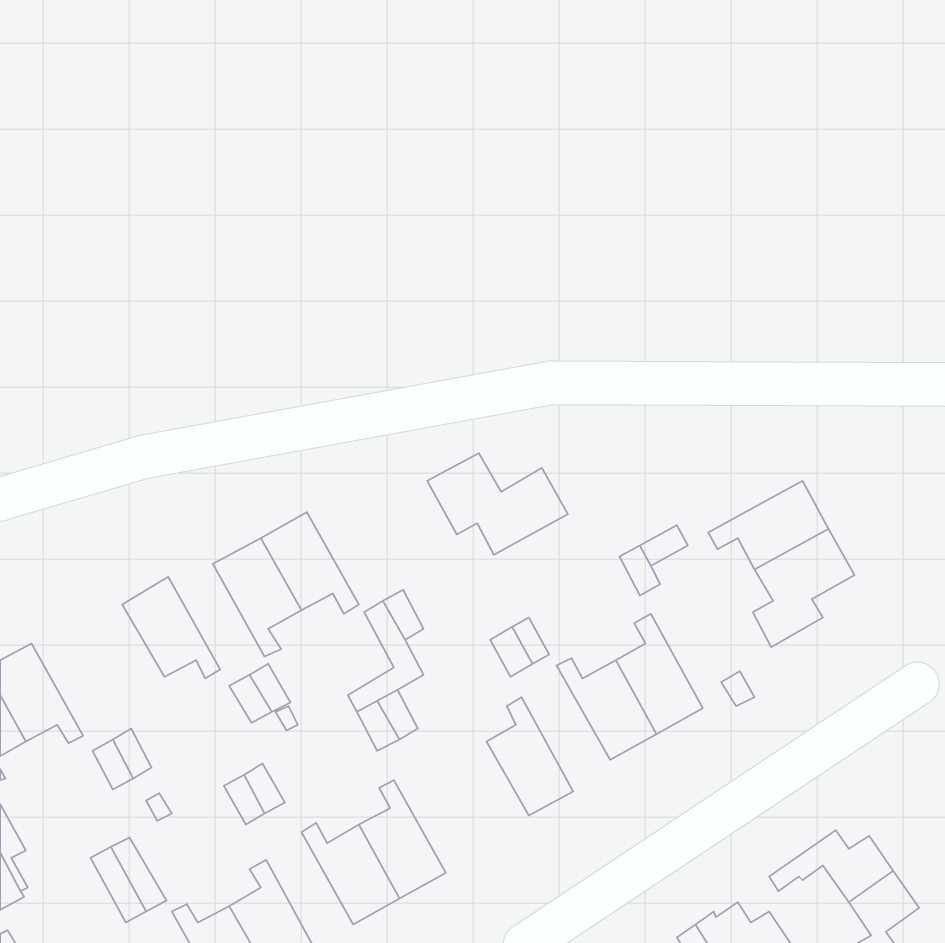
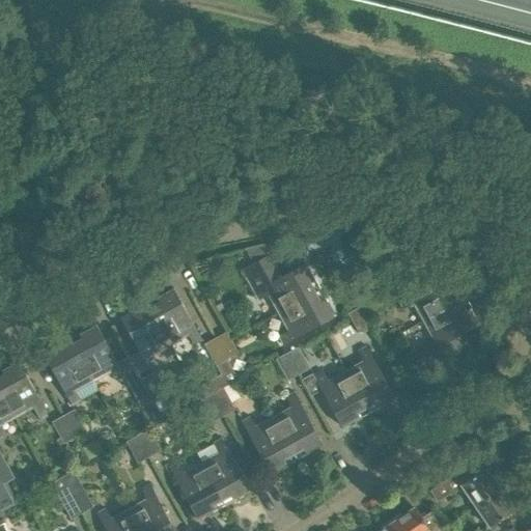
building: none -> [277,289,334,345]
building: none -> [43,340,92,406]
building: none -> [241,417,297,473]

